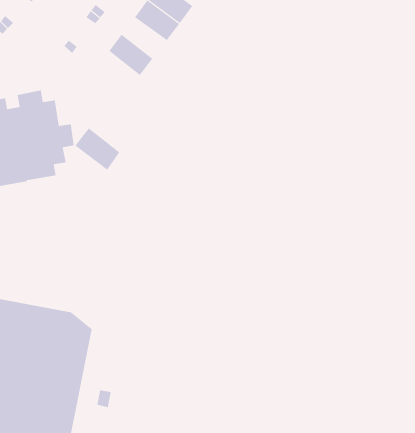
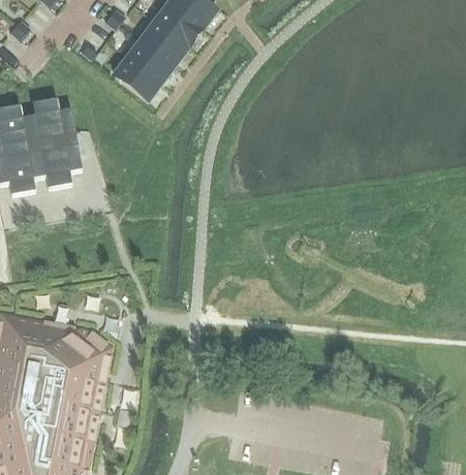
building: none -> [141,23,188,66]
building: [74,128,120,171] -> [113,58,160,102]

